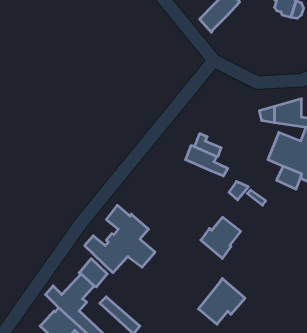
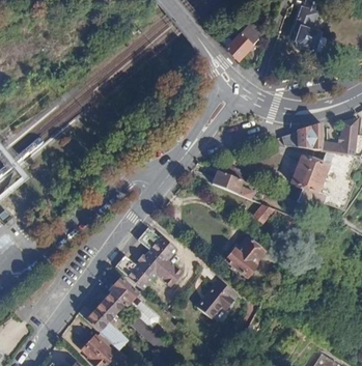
building: [198,278,245,324] -> [193,277,238,320]

